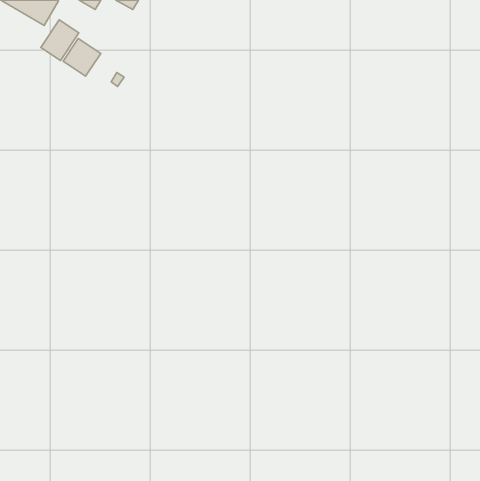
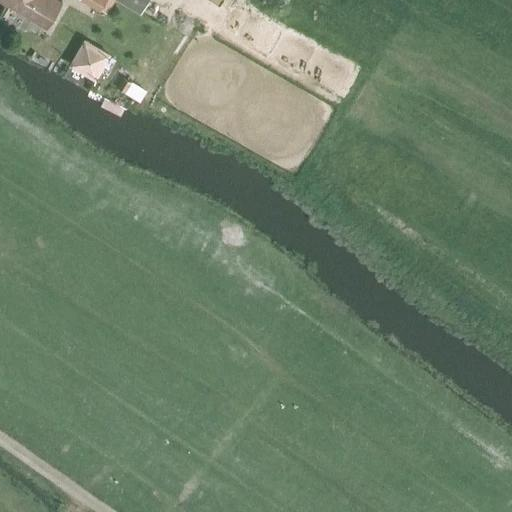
building: [41,20,79,60] -> none

